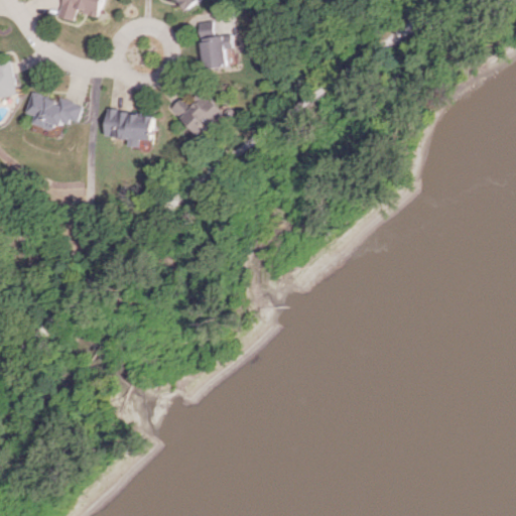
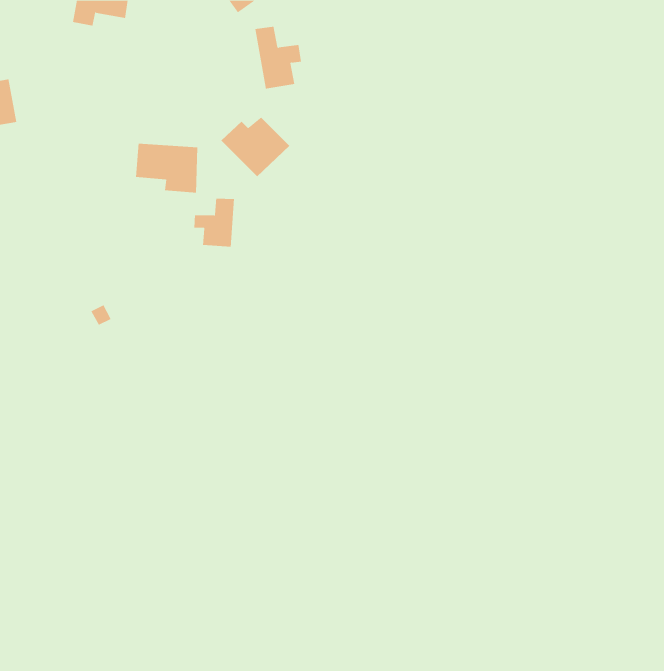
building: [22,91,82,130] -> none
building: none -> [194,198,234,247]

